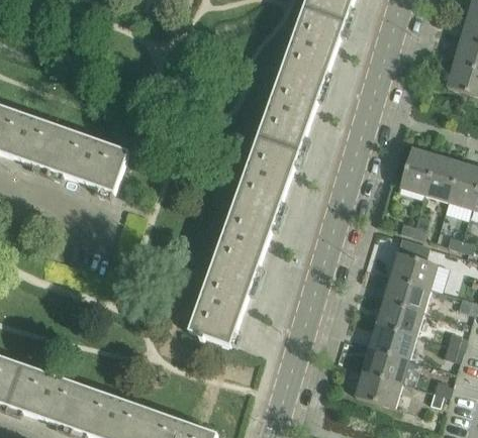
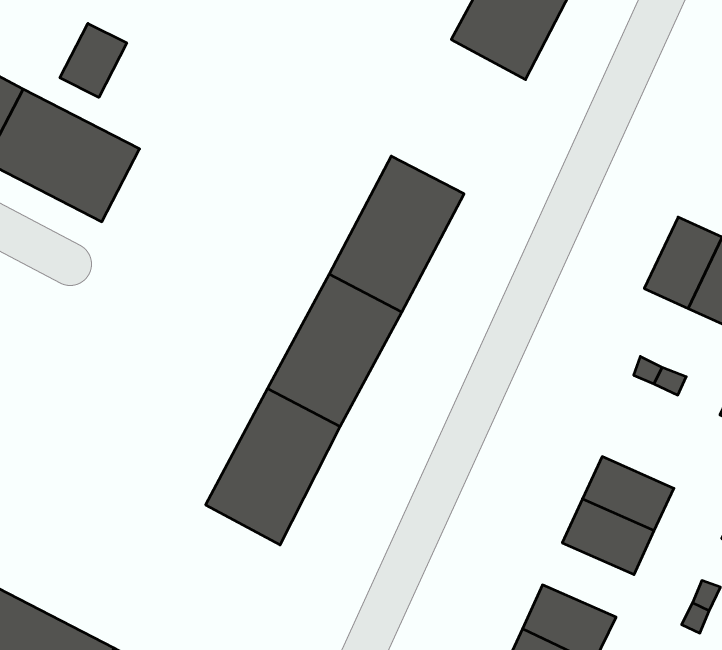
building: [259,71,322,149] -> none
building: none -> [60,23,127,97]
building: [390,249,437,286] -> none
building: [369,322,415,356] -> none

